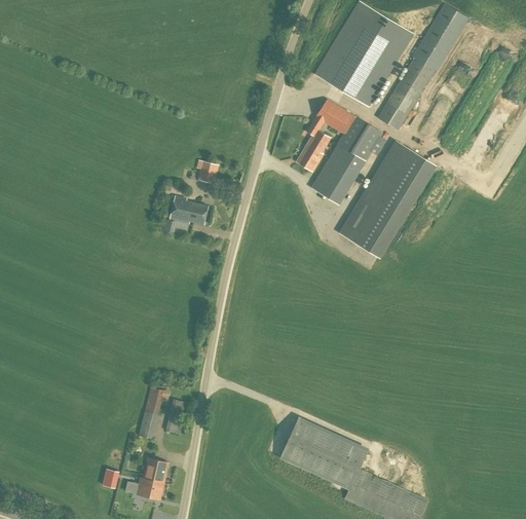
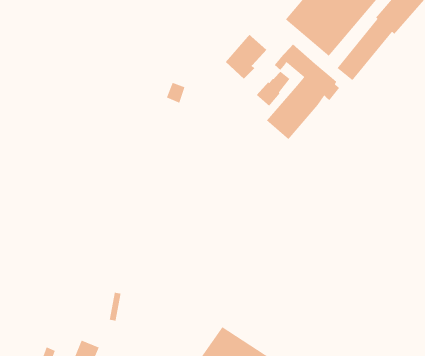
building: none -> [225,34,267,80]
building: [339,141,434,257] -> none
building: [168,196,208,224] -> none
building: [138,386,167,439] -> none

